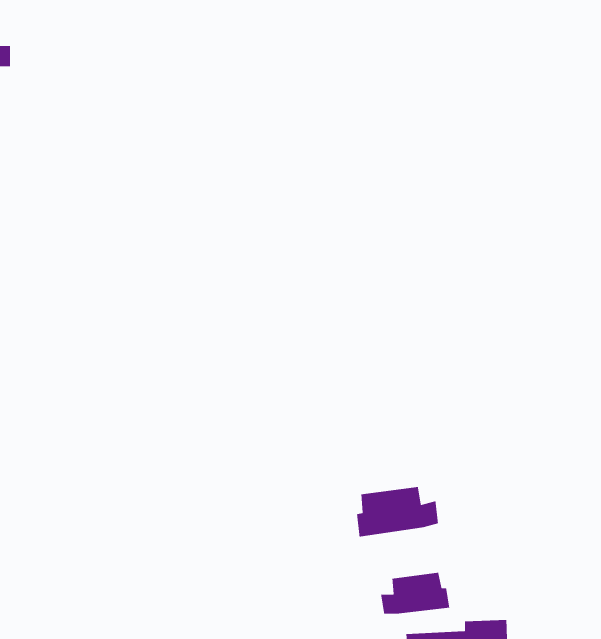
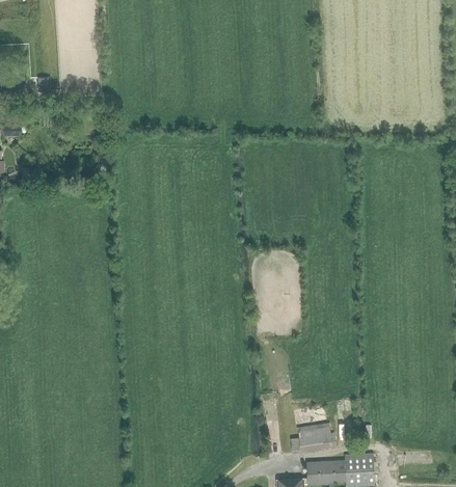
building: [356,486,439,537] -> none

